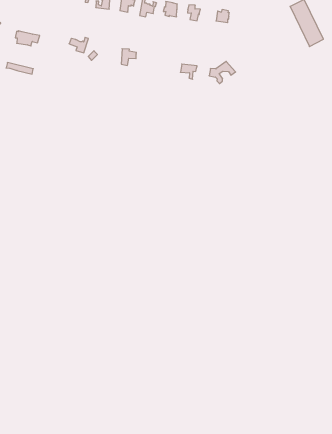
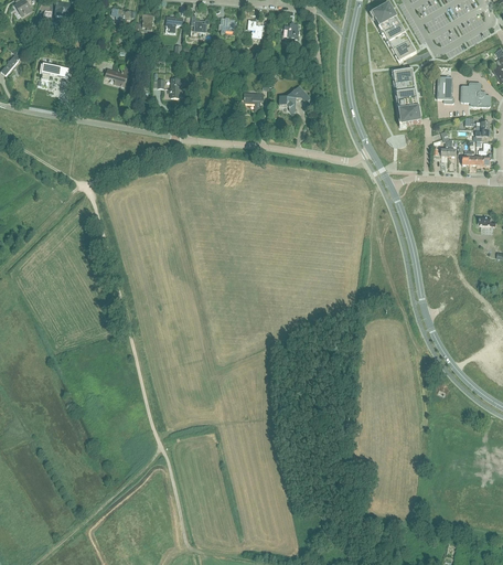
building: none -> [393,67,419,125]

